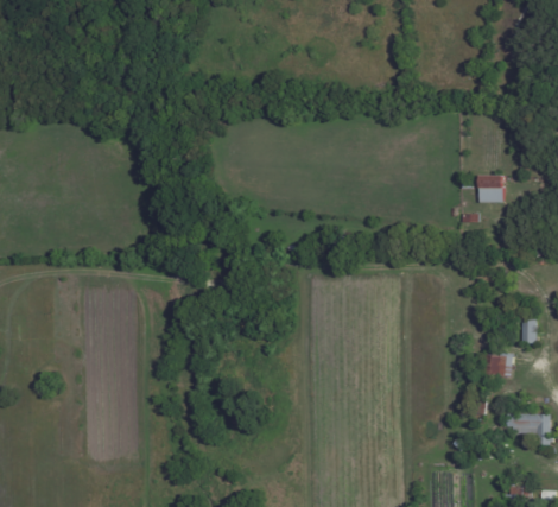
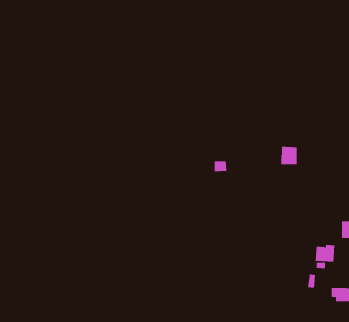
building: [480,175,503,201] -> [280,146,297,165]

